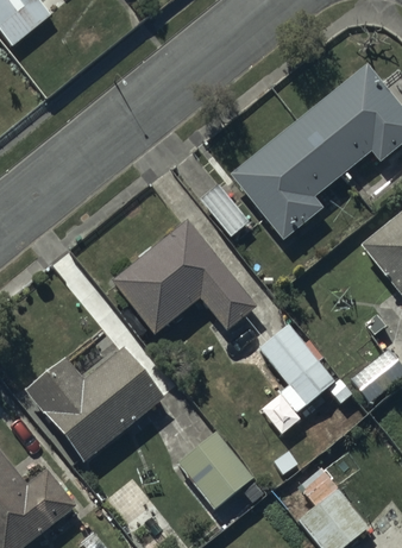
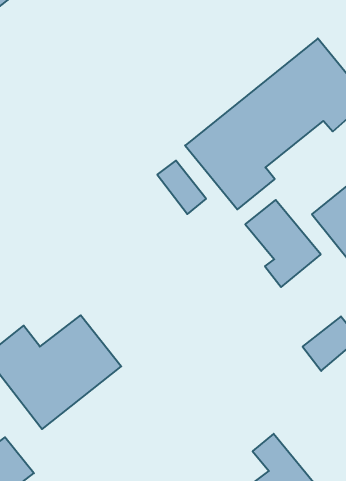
building: [109,219,253,333] -> none
building: [259,323,337,412] -> [245,200,321,287]
building: [178,430,253,508] -> none

